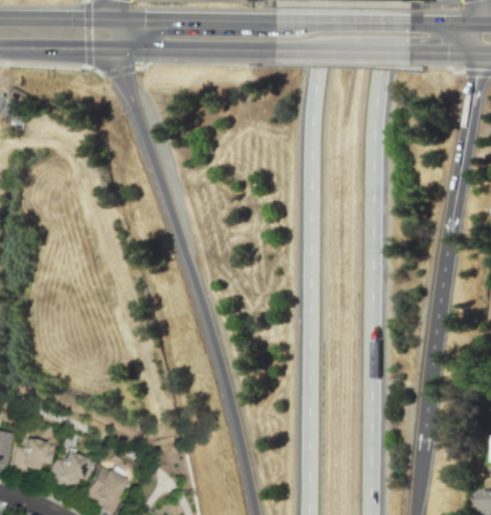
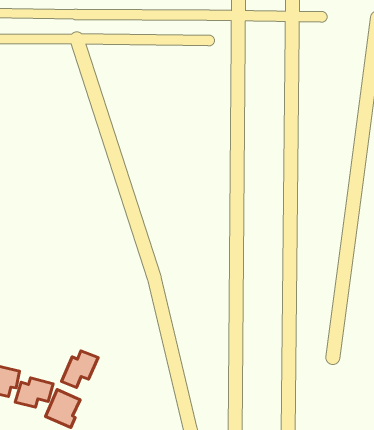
building: none -> [61,351,98,387]

